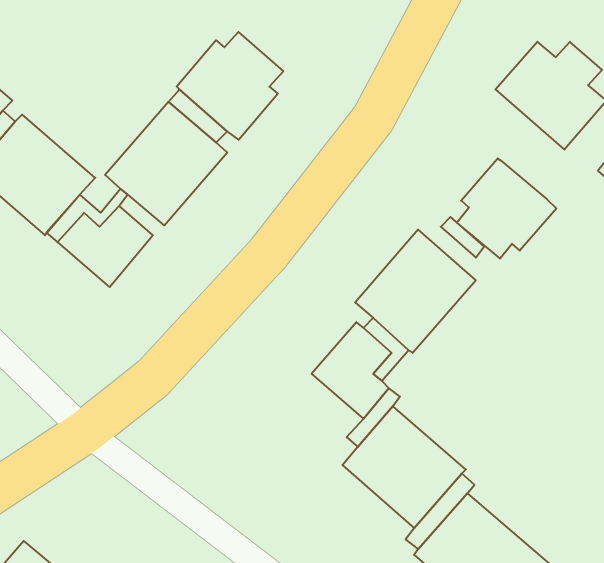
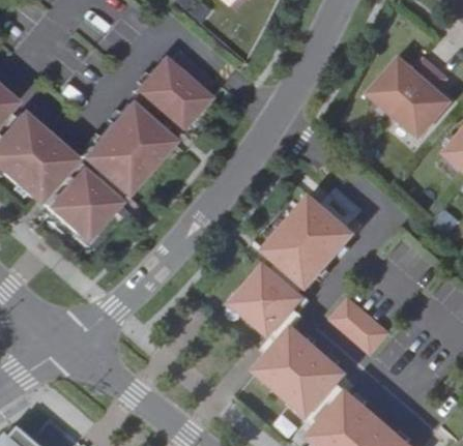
building: [457,158,556,259] -> none
building: none -> [330,300,387,354]

